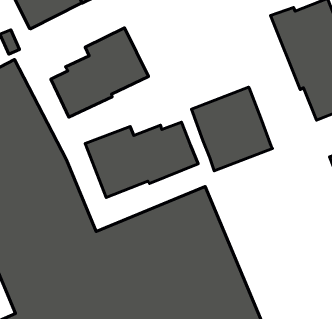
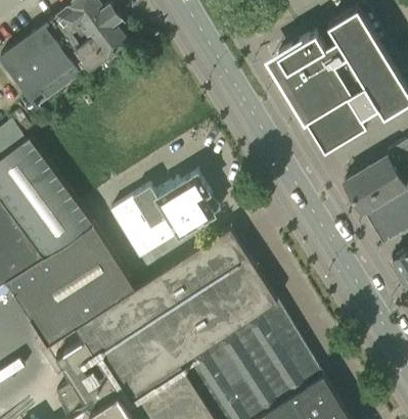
building: [51,28,148,117] -> none
building: [192,87,272,171] -> none

